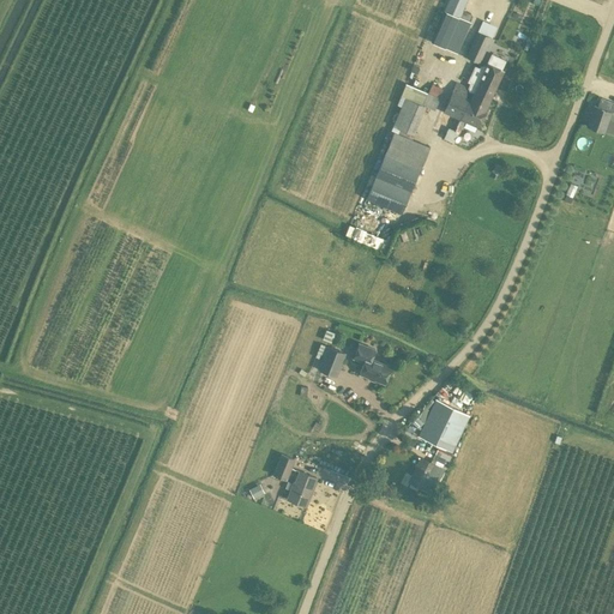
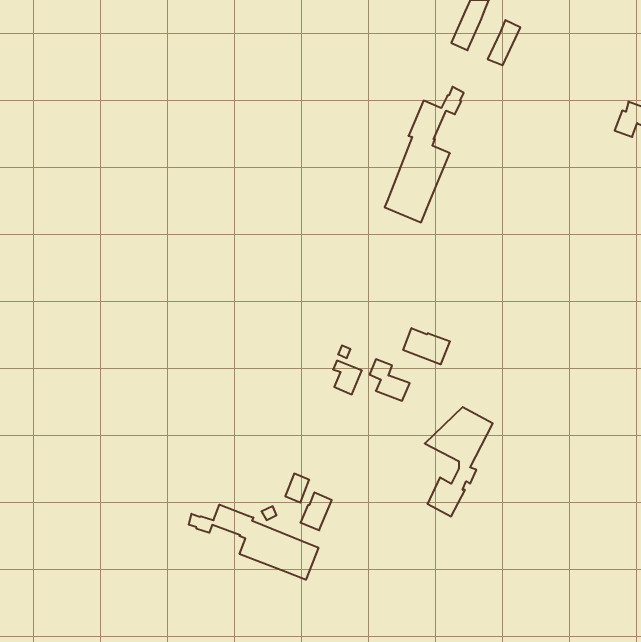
building: [439,71,501,143] -> none
building: none -> [403,328,450,364]
building: none -> [189,505,318,580]

